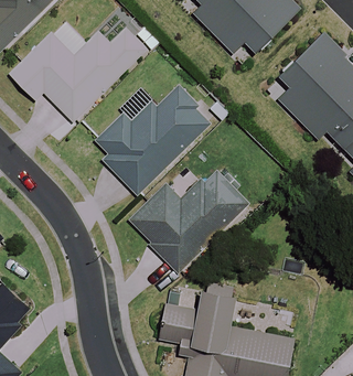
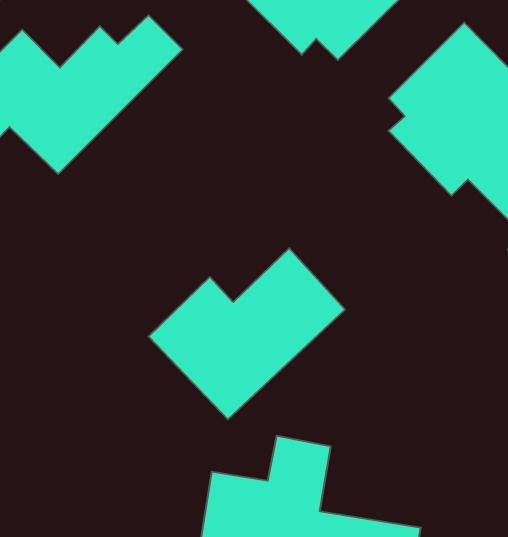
building: [93,80,213,195] -> none

